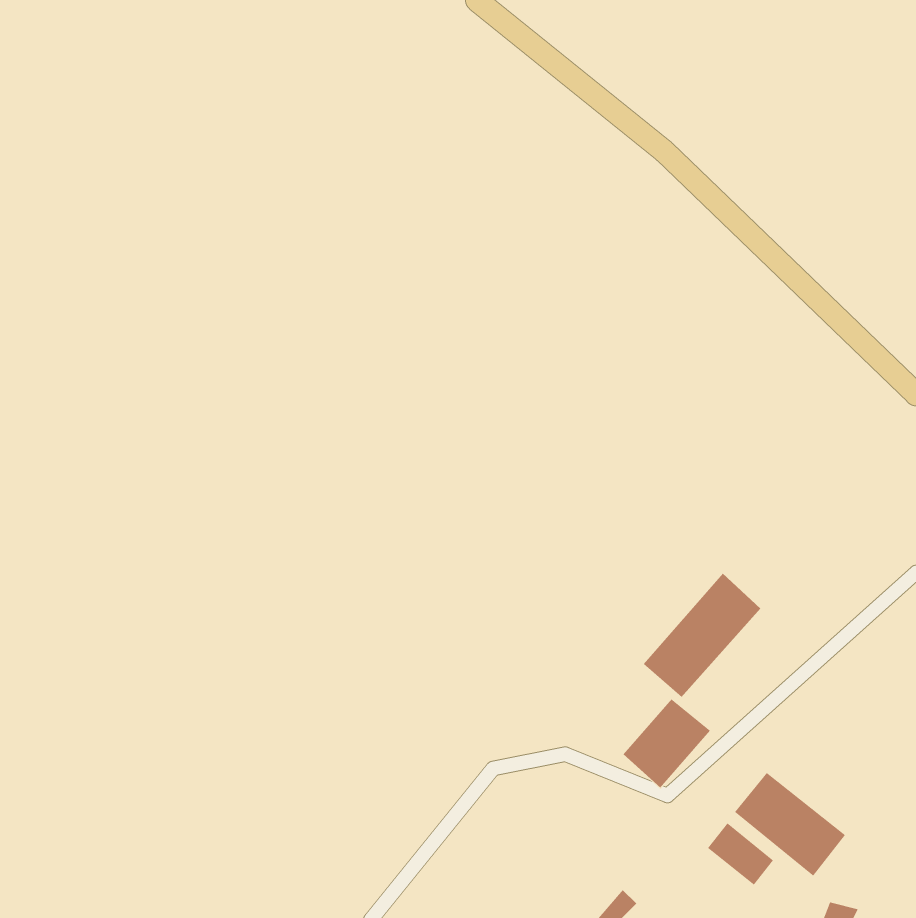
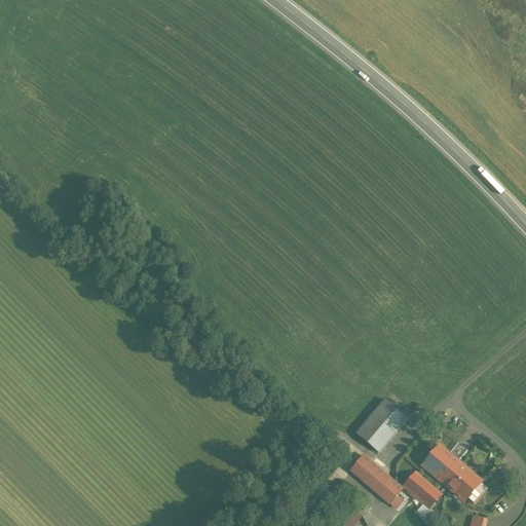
building: [643,573,761,698] -> none
building: none -> [348,454,403,503]

